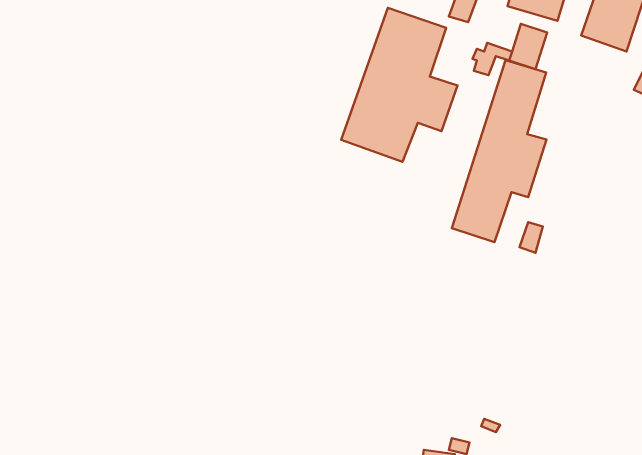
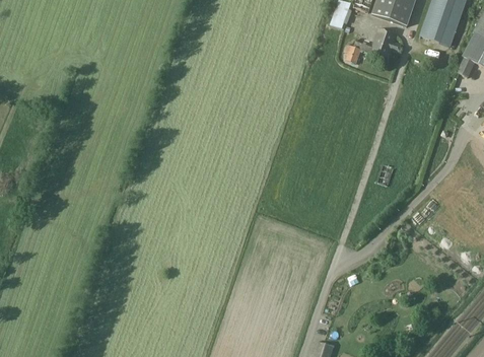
building: [341,8,458,162] -> none
building: [452,60,547,242] -> none

